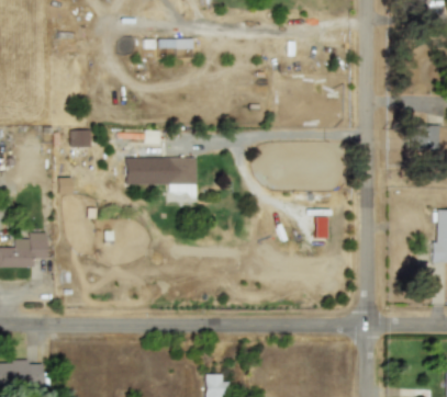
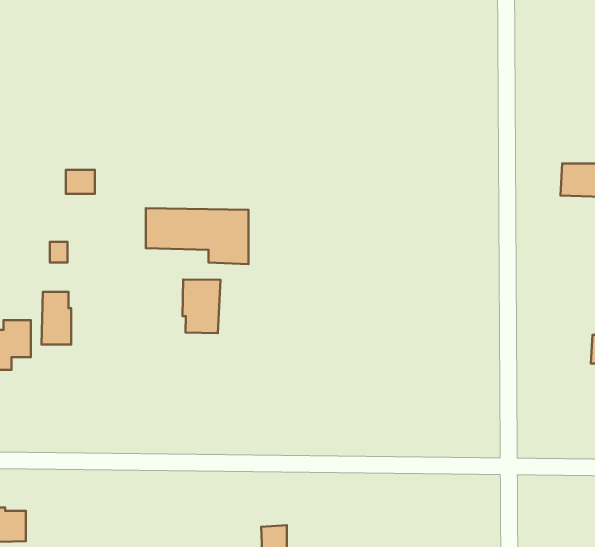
building: none -> [183,279,220,333]
building: none -> [41,292,71,345]

